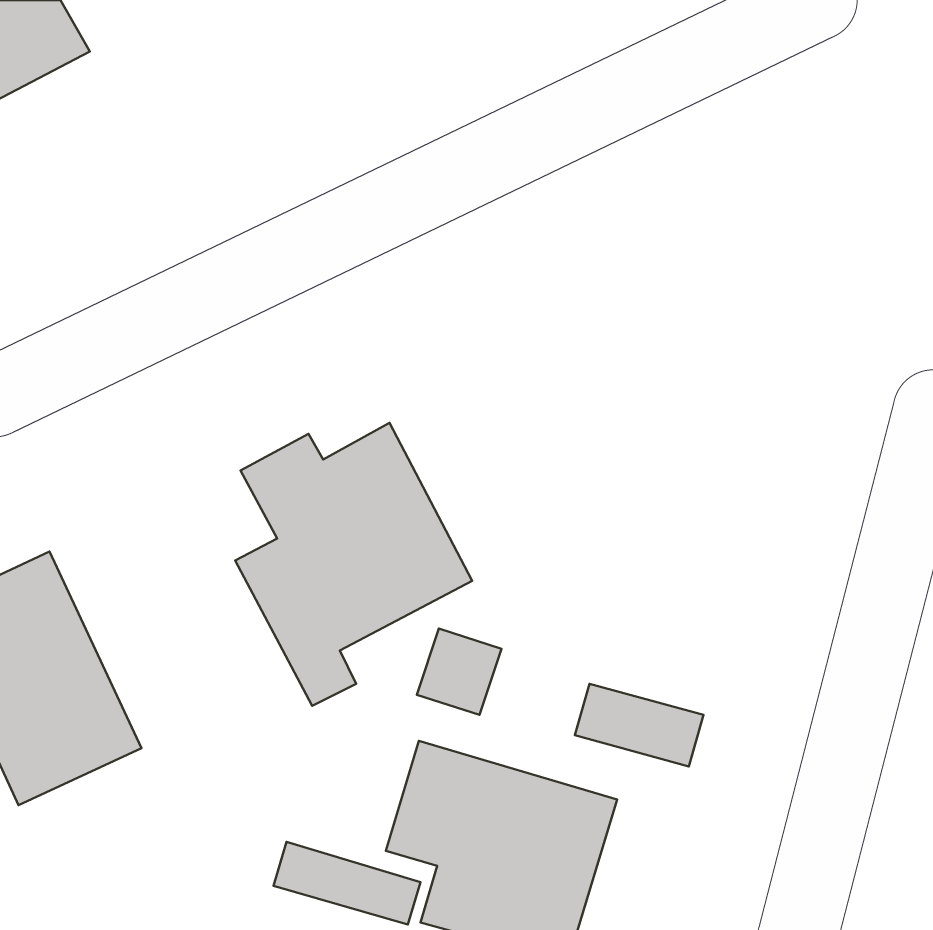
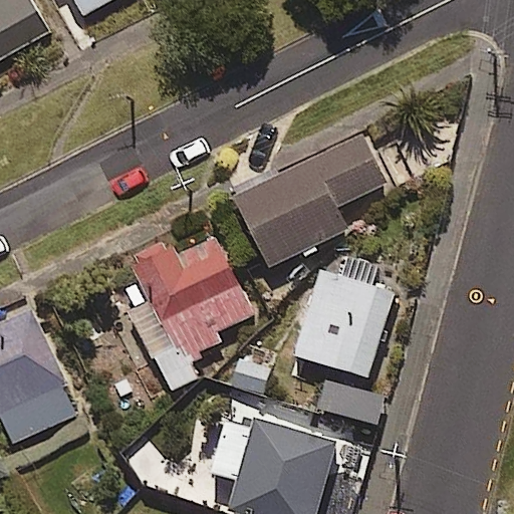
building: none -> [237,135,384,265]
building: none -> [293,265,395,375]

